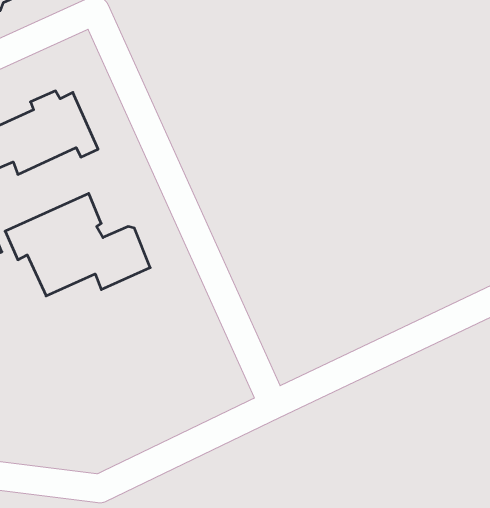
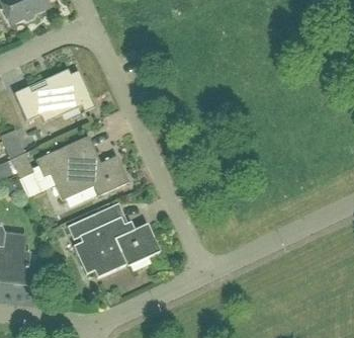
building: none -> [67,213,159,276]

